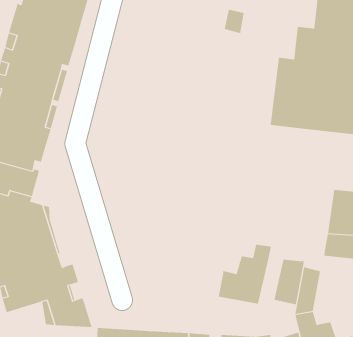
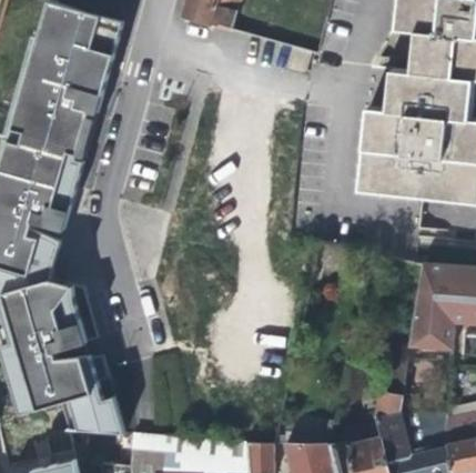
building: [218,244,272,305] -> none
building: [274,259,305,305] -> none

